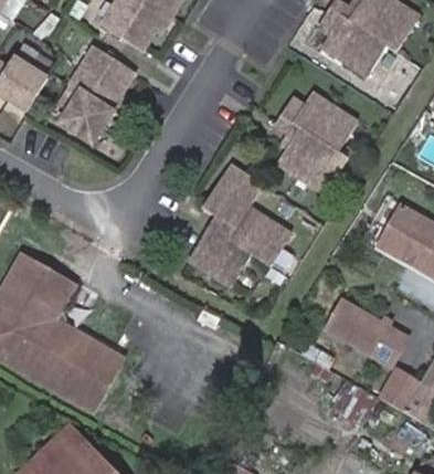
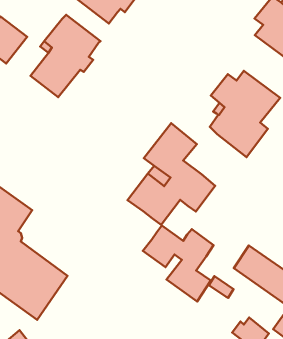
building: none -> [143,225,214,301]

